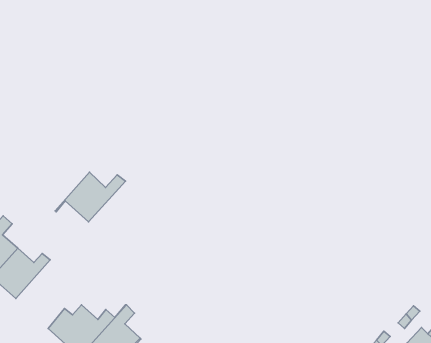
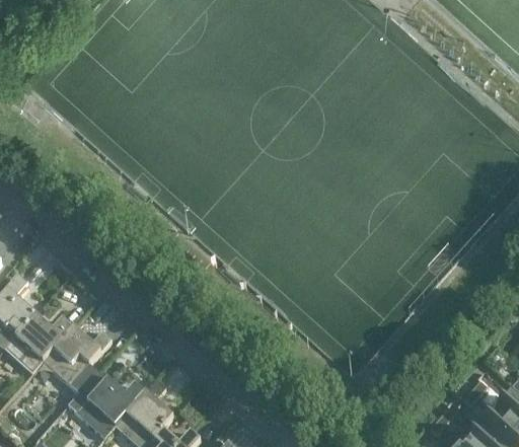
building: [55,172,125,222] -> [29,332,108,388]

